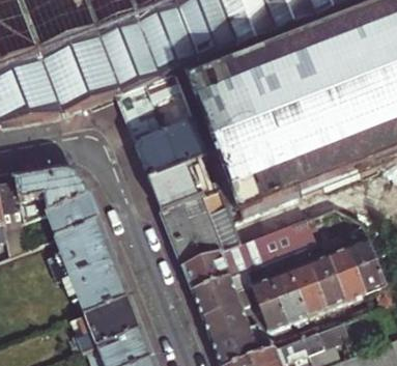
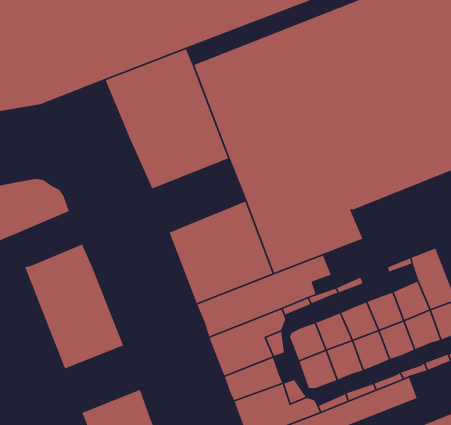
building: [148,156,219,210] -> none
building: [48,195,96,235] -> none
building: [83,295,140,345] -> none

